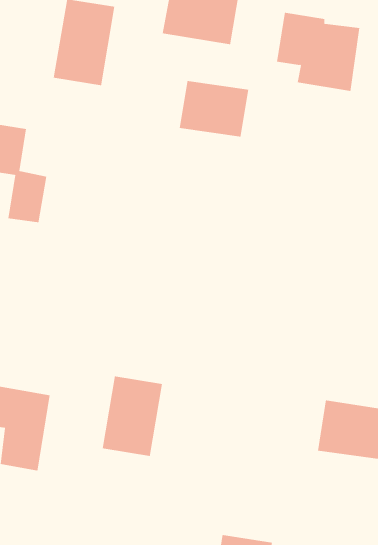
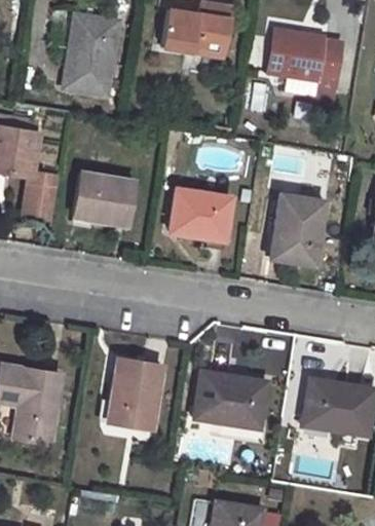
building: [179,80,249,137] -> [170,188,233,239]
building: none -> [74,172,137,224]
building: none -> [271,193,324,264]
building: none -> [194,371,267,427]

